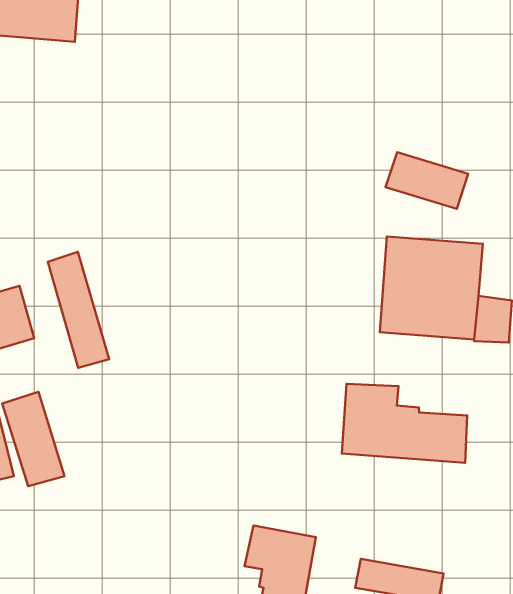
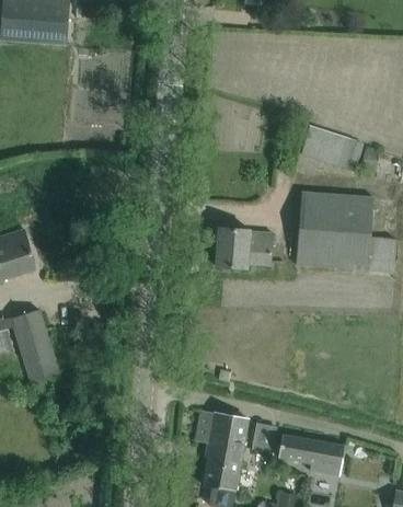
building: [48,252,109,368] -> none
building: none -> [216,228,273,268]
building: [342,384,467,463] -> none

